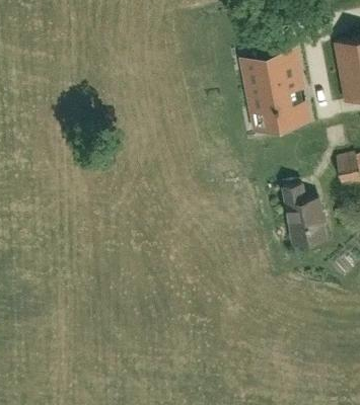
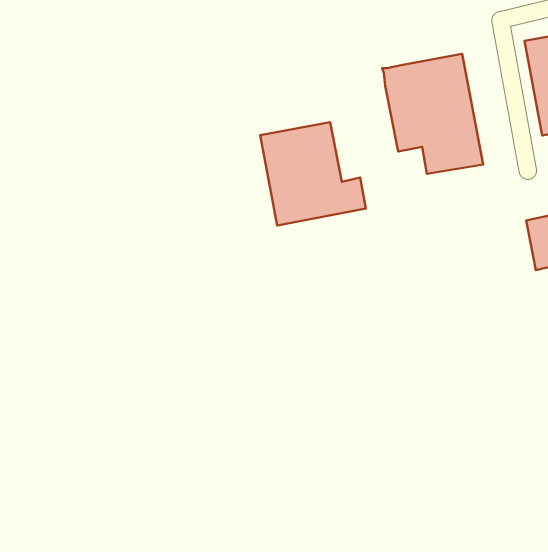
building: none -> [260,122,366,226]
building: [285,185,325,245] -> none

